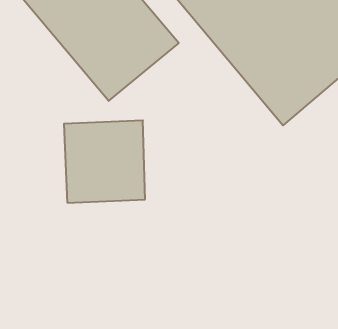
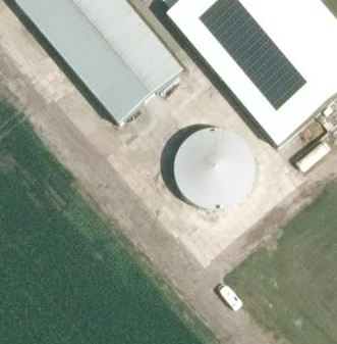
building: [64,120,145,203] -> [176,127,250,202]

